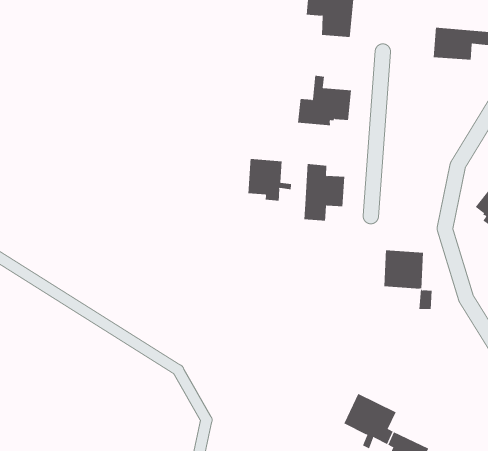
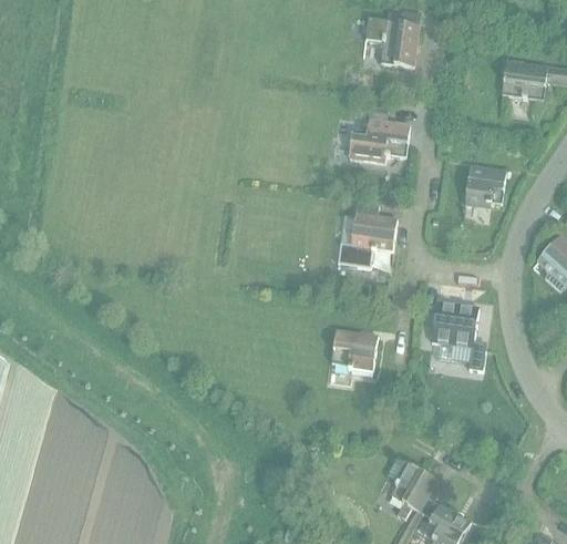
building: none -> [465,166,505,204]
building: [248,158,292,201] -> none
building: none -> [331,330,377,376]

